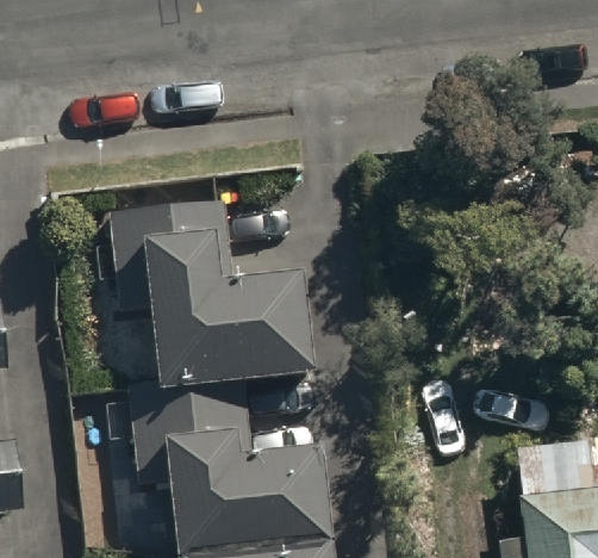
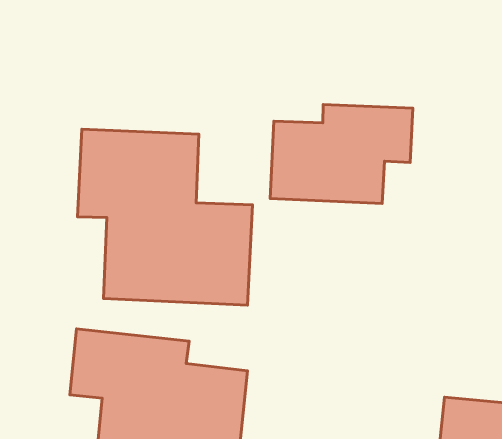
building: none -> [270,104,413,203]

